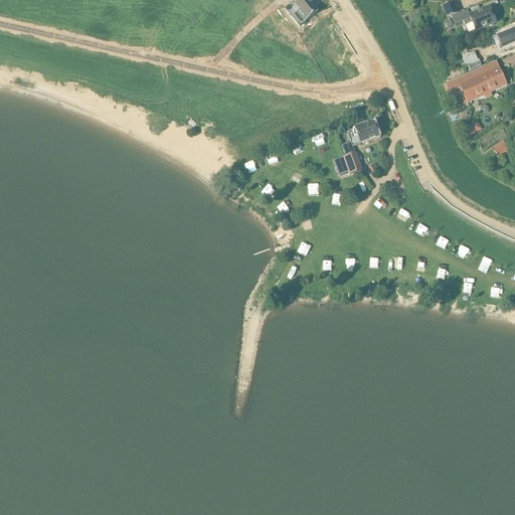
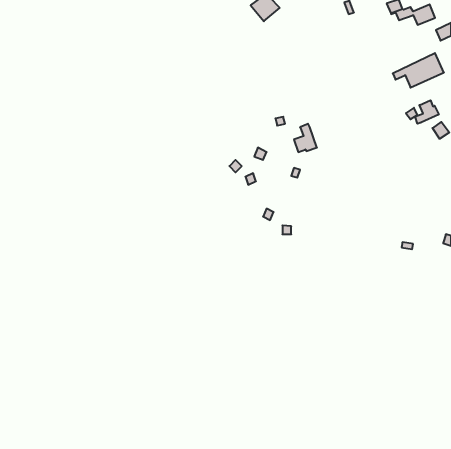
building: none -> [415,100,439,124]
building: [347,120,380,145] -> none

